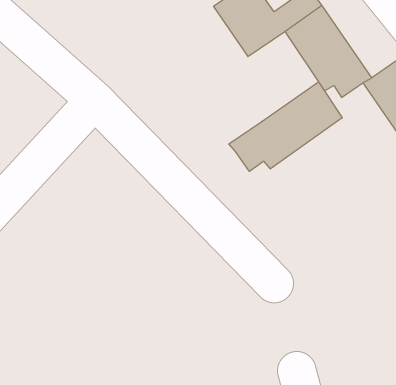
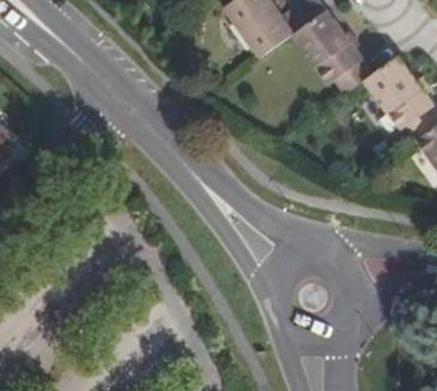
building: [229,82,342,171] -> none

